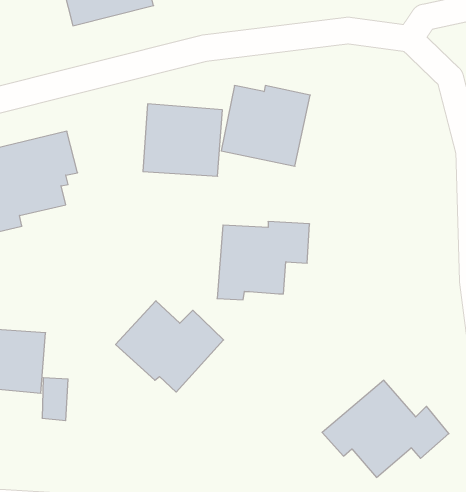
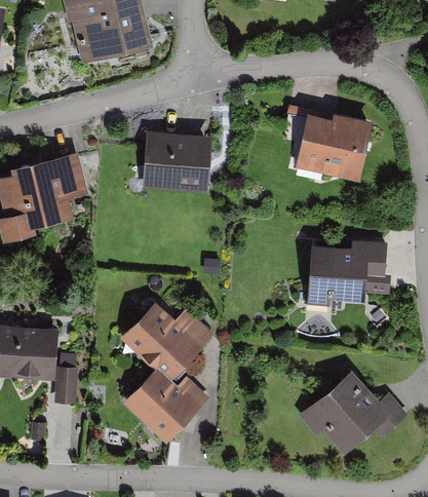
building: [221,86,310,166] -> [296,111,373,181]
building: [217,222,310,300] -> [307,239,387,307]
building: none -> [123,367,208,443]

